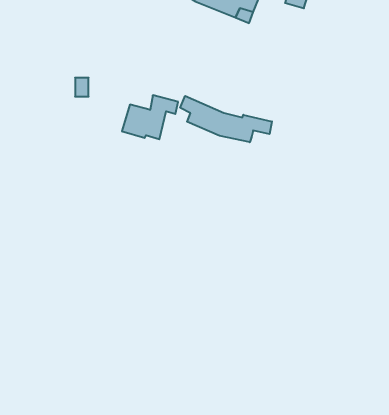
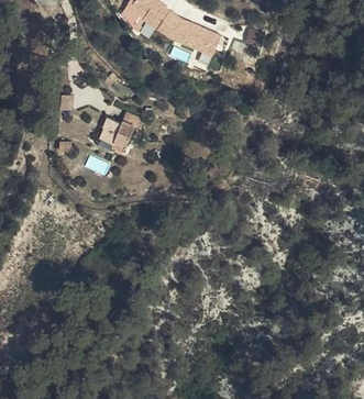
building: [180,96,272,142] -> none

